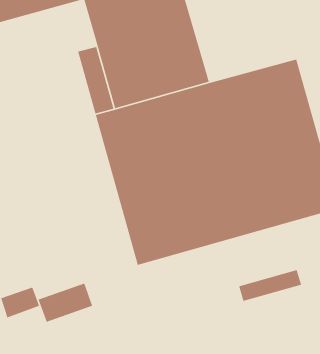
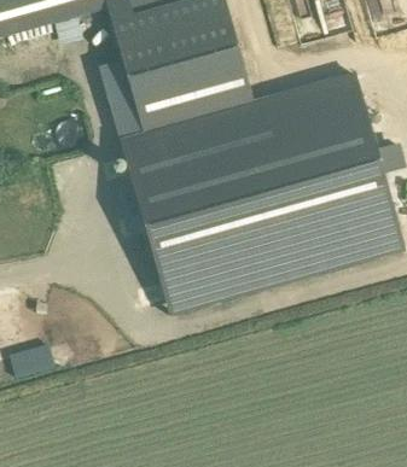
building: [238,269,302,302] -> none
building: [38,283,93,323] -> none

